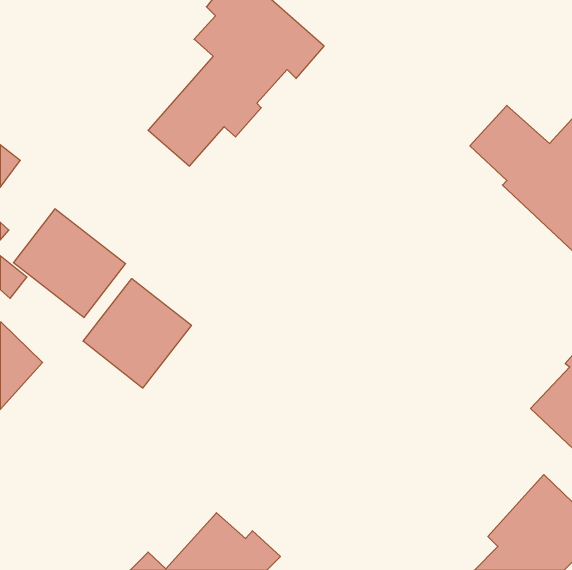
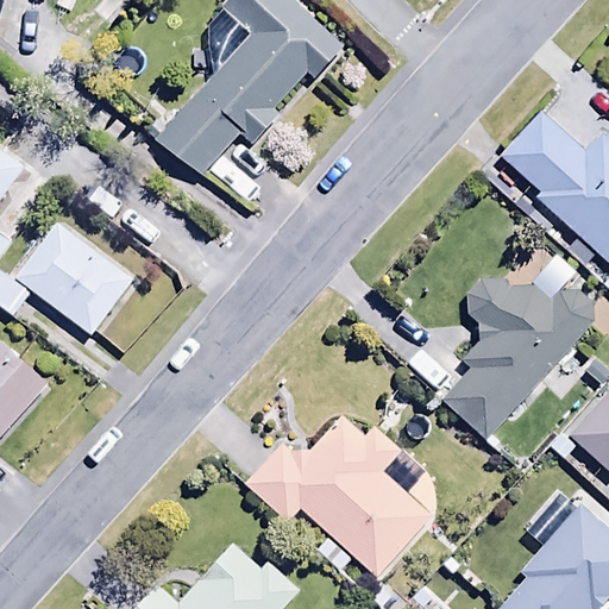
building: none -> [441,274,595,439]
building: [83,279,191,388] -> none
building: none -> [244,413,431,577]

